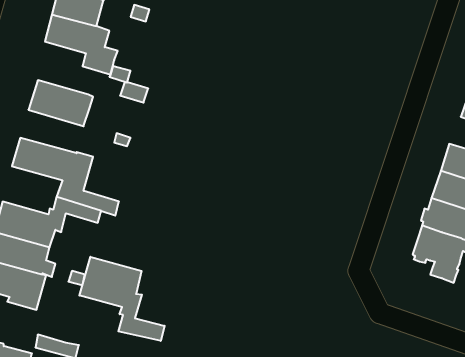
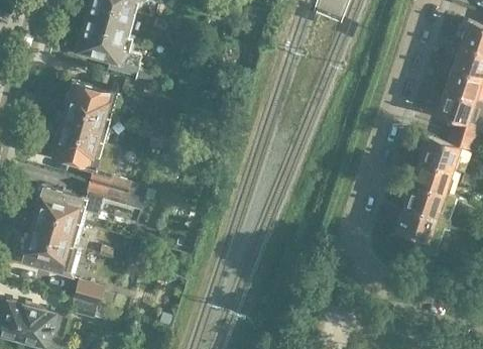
building: none -> [58,108,111,145]
building: [79,257,165,341] -> none
building: none -> [74,281,104,308]

